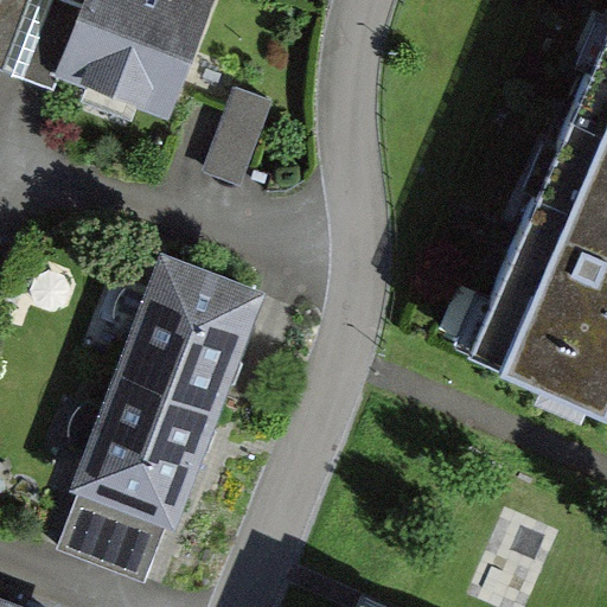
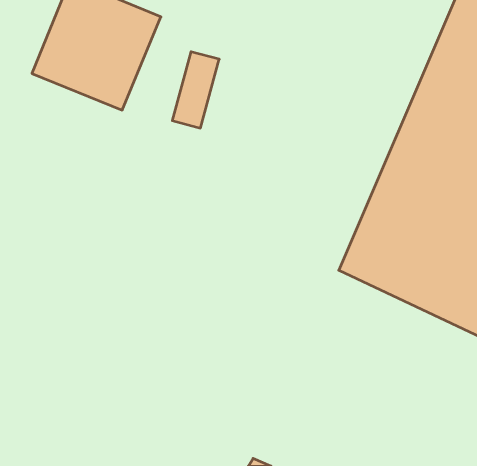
building: [70,283,257,557] -> none

